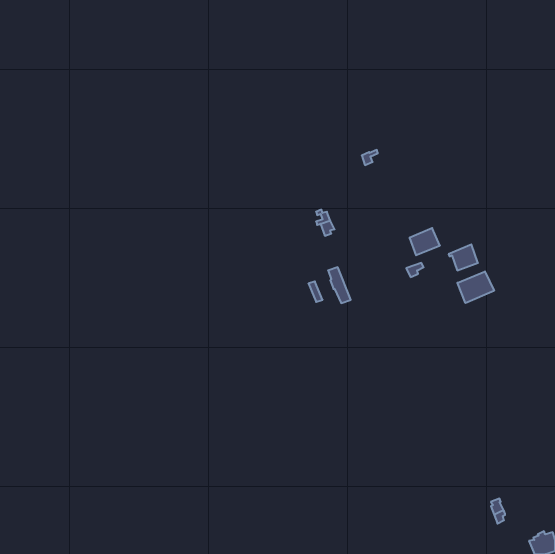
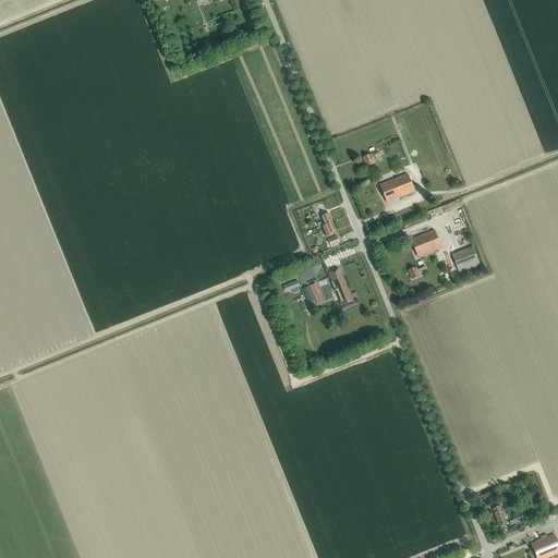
building: none -> [379,173,414,202]
building: [457,271,494,303] -> none

